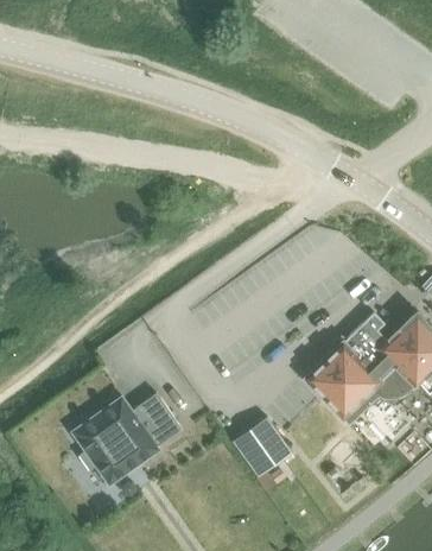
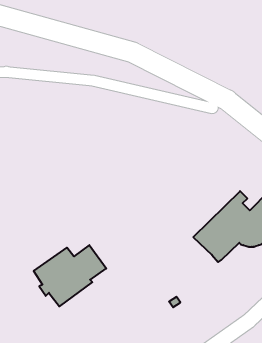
building: [233,418,292,477] -> none

